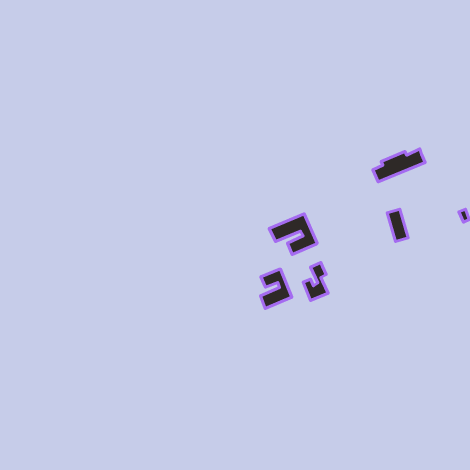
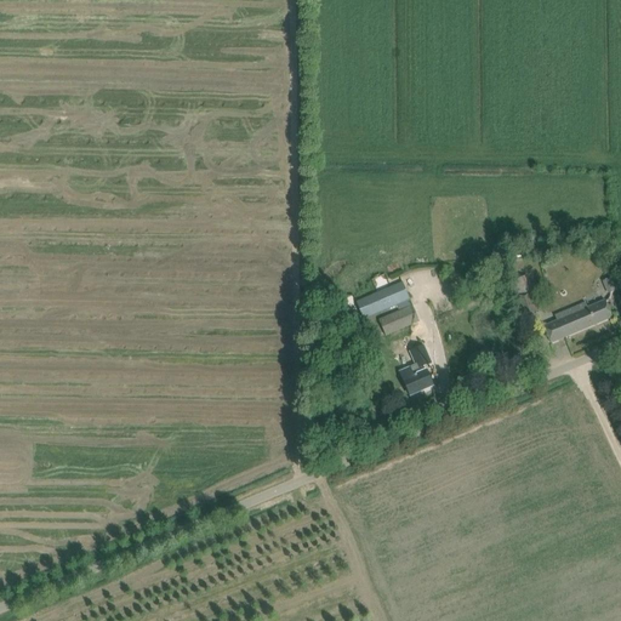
building: [373,149,425,182] -> [542,298,611,342]
building: [260,269,292,309] -> none

